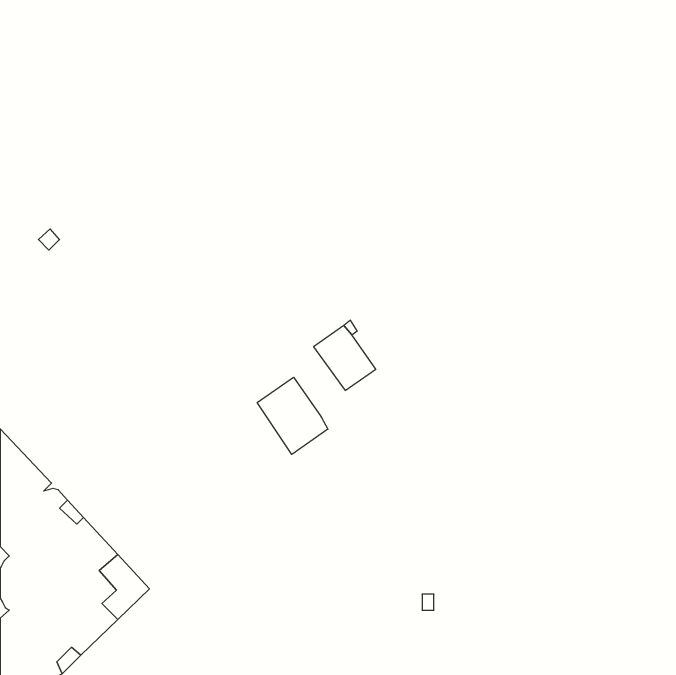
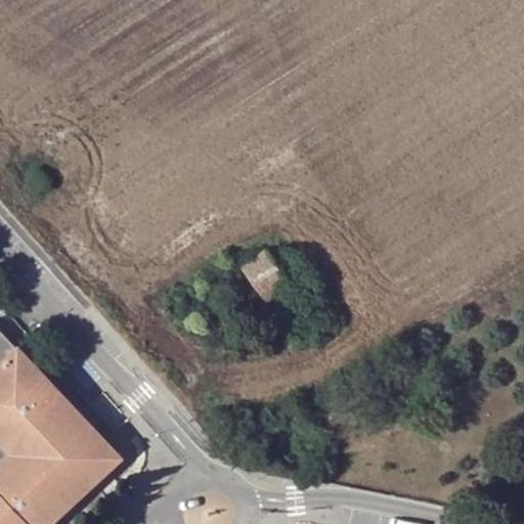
building: [257,377,328,454] -> none

